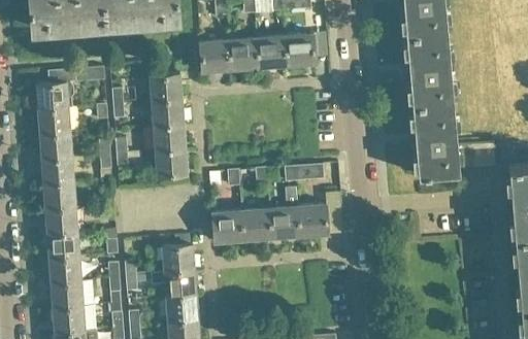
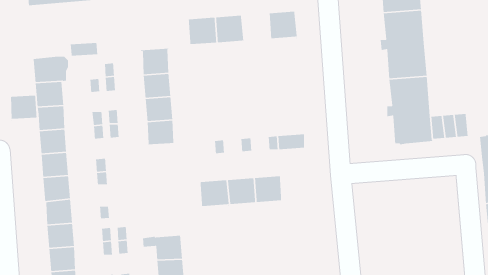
building: [257,36,288,67] -> none
building: none -> [10,94,37,121]
building: [298,205,329,238] -> none
building: [162,245,193,274] -> none

